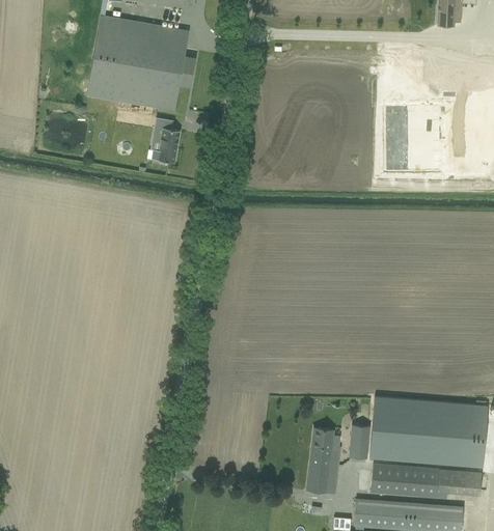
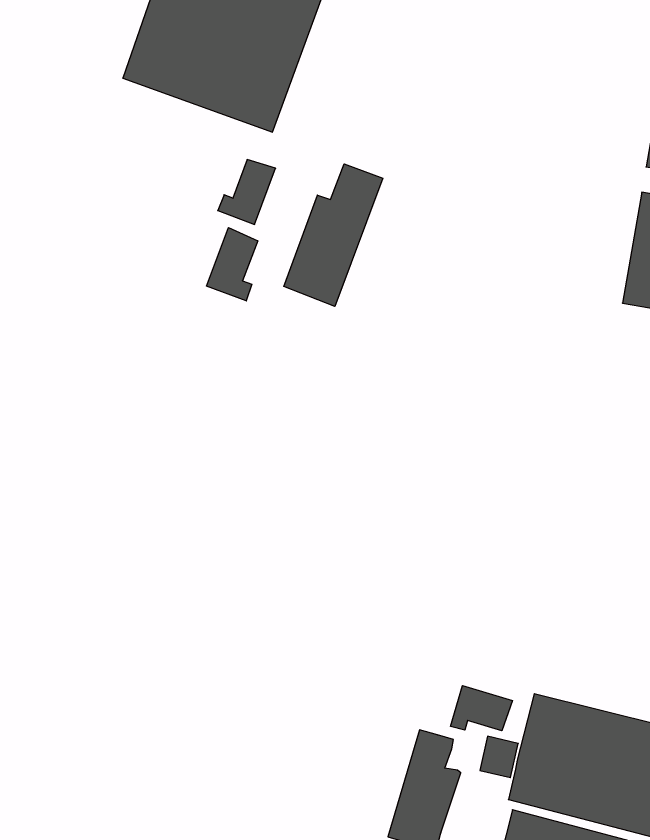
building: none -> [284,164,383,306]
building: none -> [206,228,258,301]
building: none -> [451,686,512,731]

